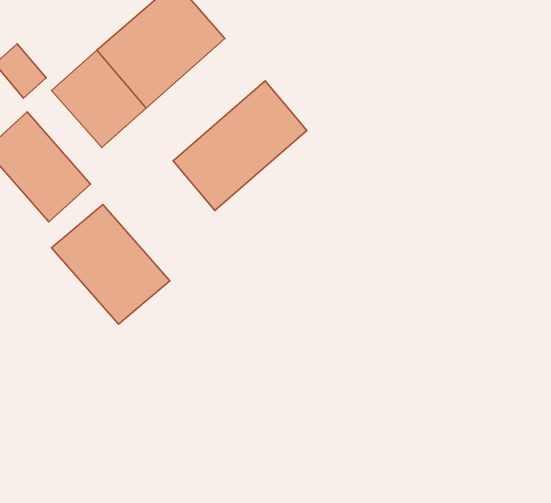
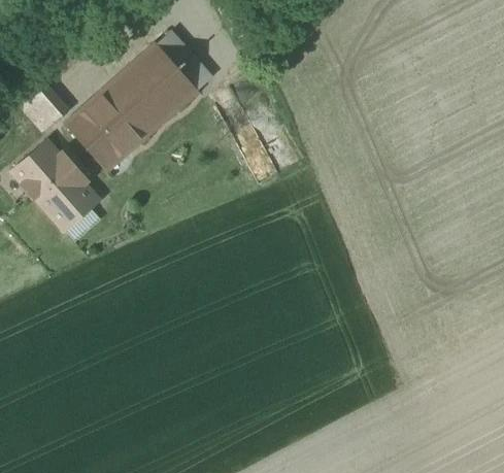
building: [173,81,307,210] -> none
building: [51,204,170,324] -> none

